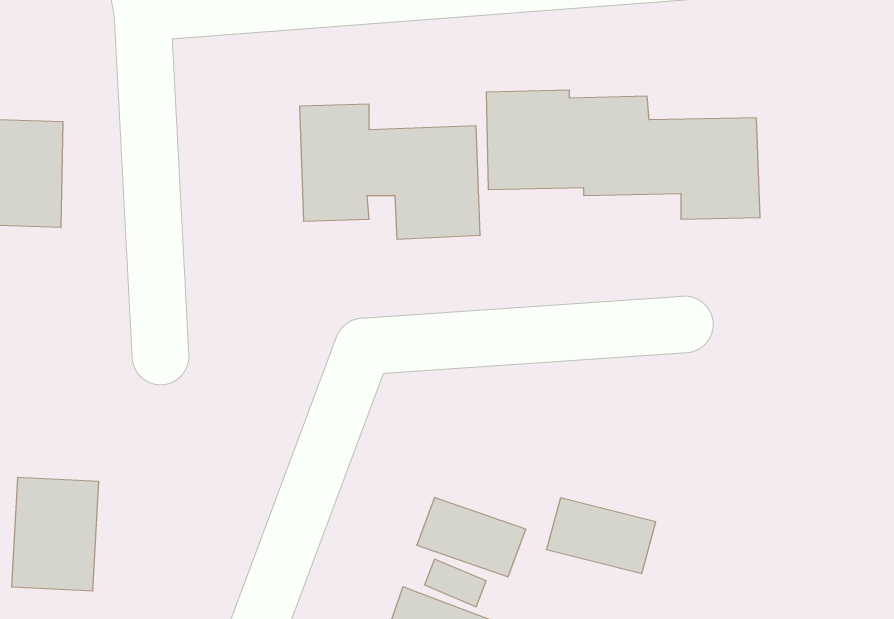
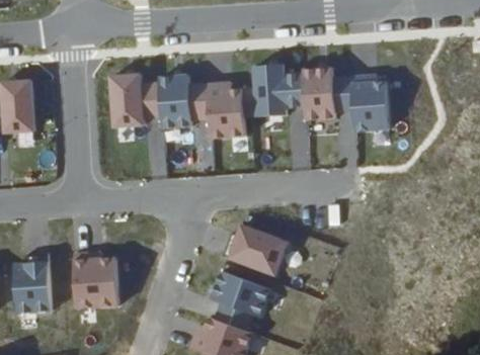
building: none -> [109,75,143,129]
building: none -> [71,256,121,306]
building: [546,498,656,573] -> [232,227,288,265]

